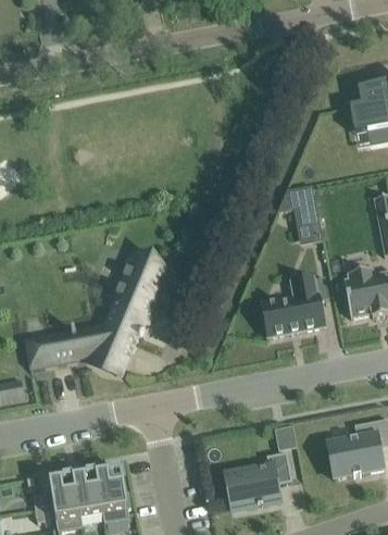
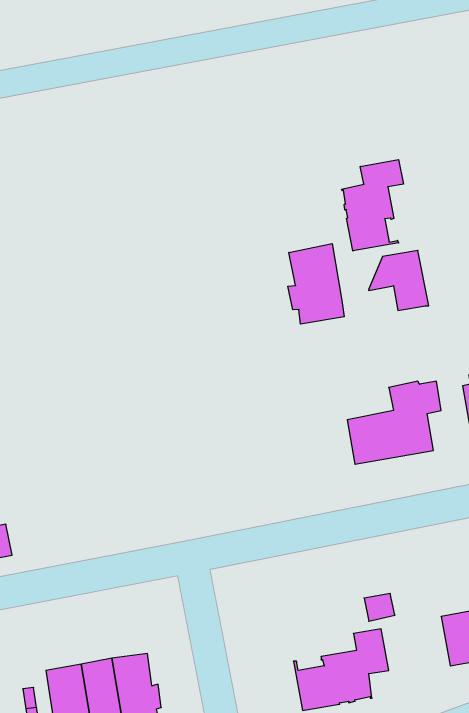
building: none -> [342,160,403,251]
building: none -> [288,244,344,324]
building: [25,256,164,372] -> none

